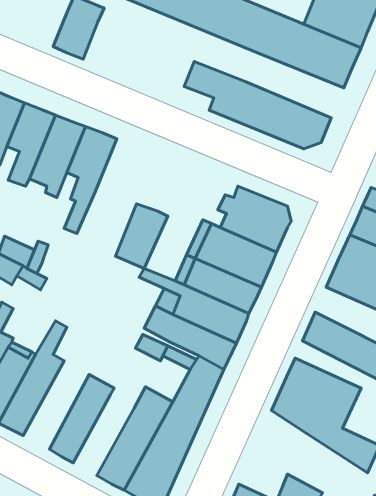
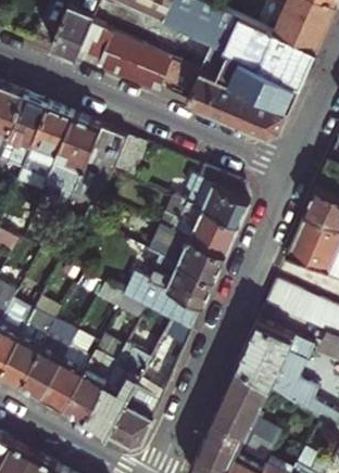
building: none -> [73,24,169,90]
building: none -> [214,51,300,107]
building: [115,204,168,268] -> [84,126,129,182]
building: none -> [21,319,78,396]
building: none -> [64,348,117,419]
building: none -> [214,362,267,429]

